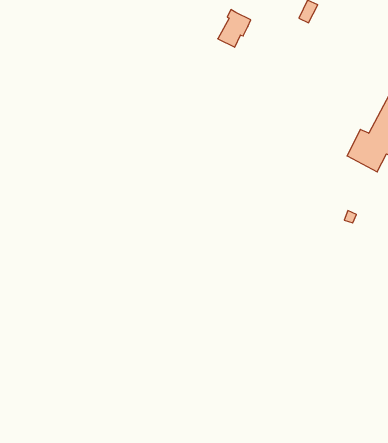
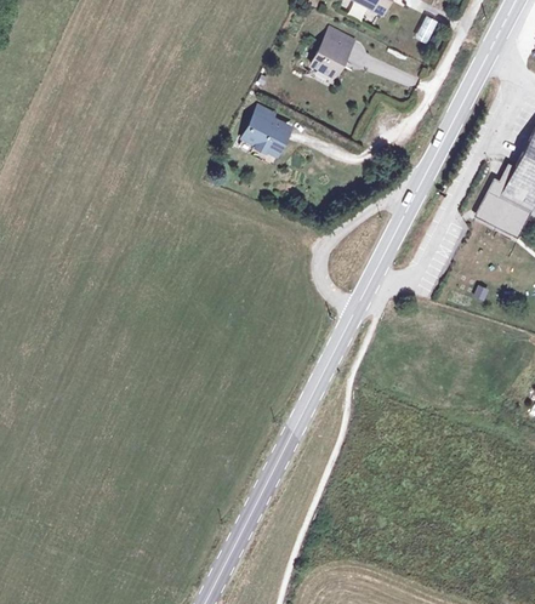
building: none -> [245,107,290,153]

